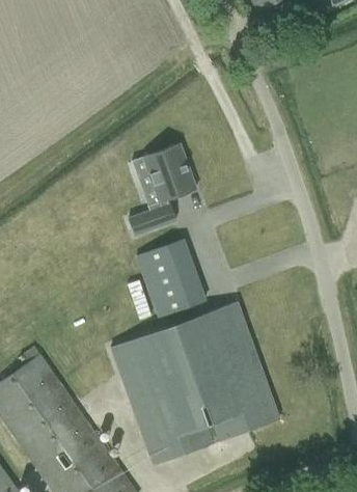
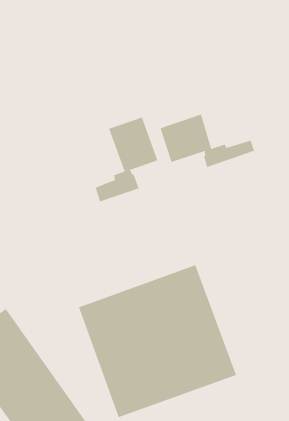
building: none -> [160,114,255,168]
building: [136,238,207,317] -> none

